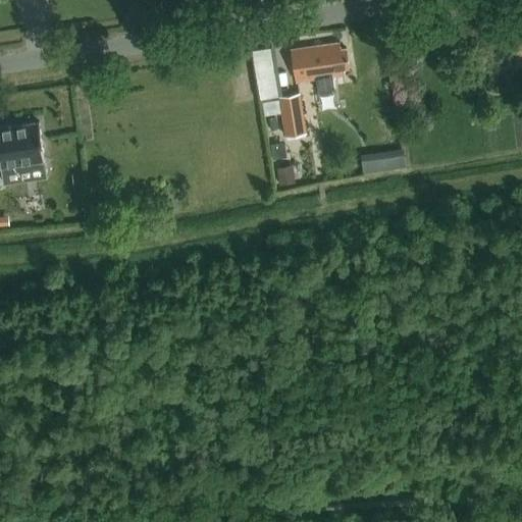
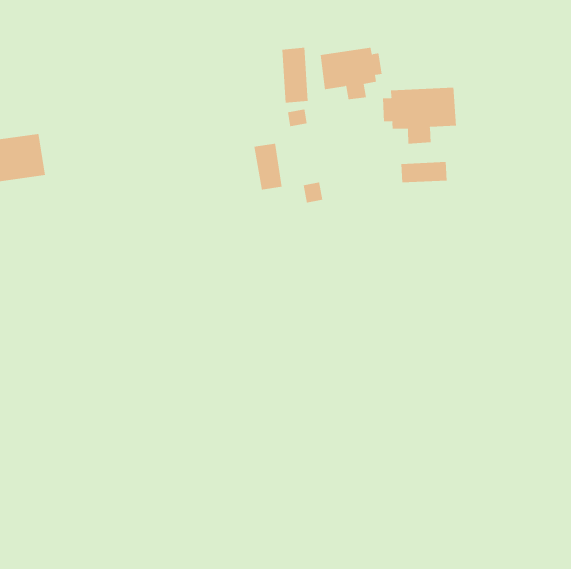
building: none -> [383,87,457,145]
building: [279,95,306,138] -> [253,143,283,190]

